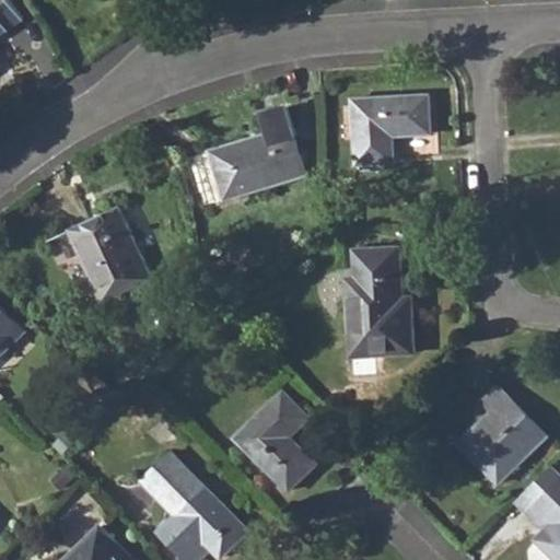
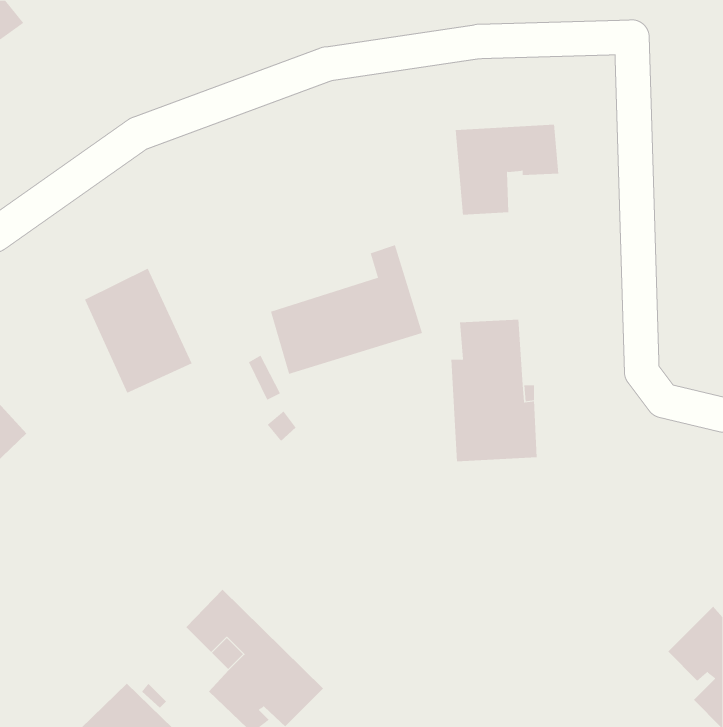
building: [190,106,307,206] -> [270,245,423,374]
building: [457,387,545,485] -> none
building: [233,389,314,491] -> none

